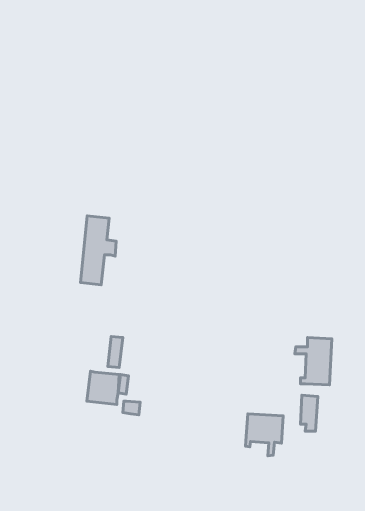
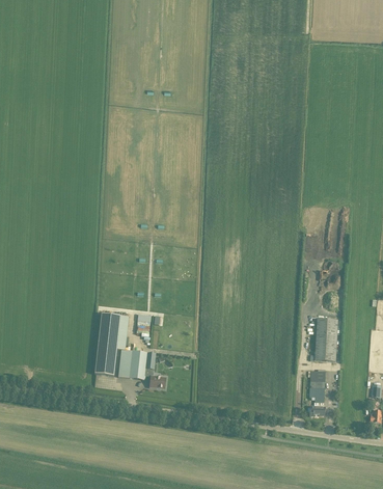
building: [80,216,116,285] -> [94,313,127,375]
building: [245,414,283,456] -> none

